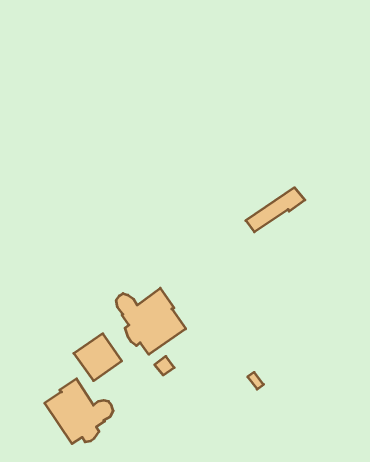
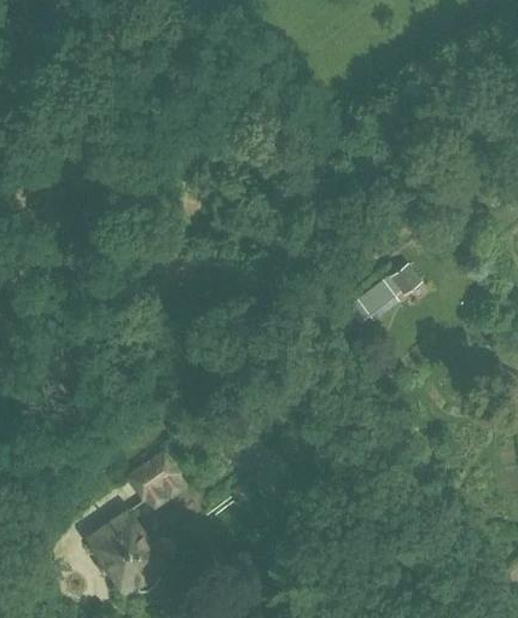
building: [116,288,186,354] -> none

